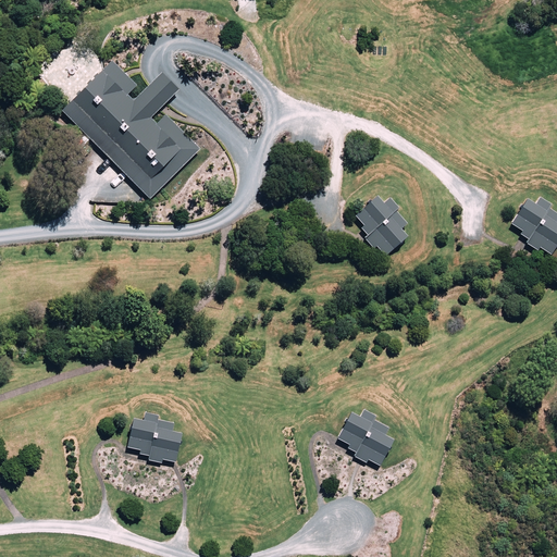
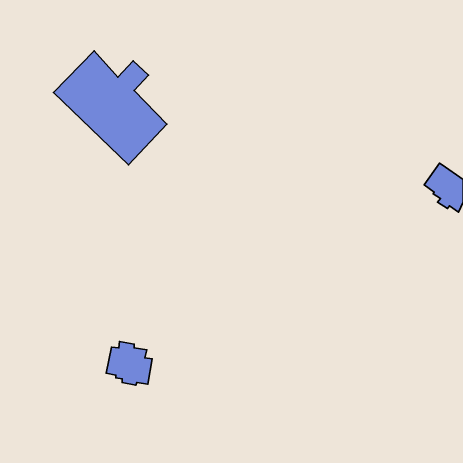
building: [355,195,406,255] -> none
building: [336,410,393,465] -> none

